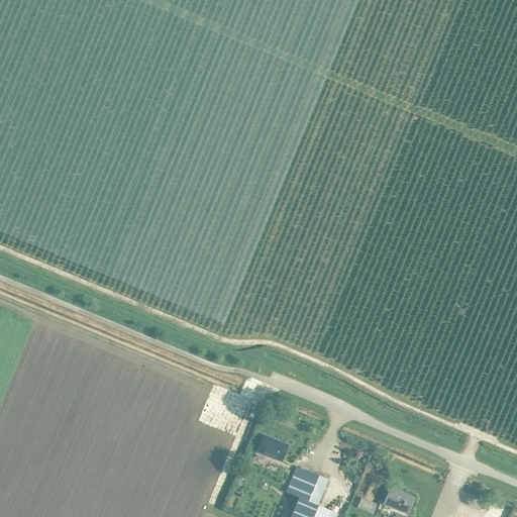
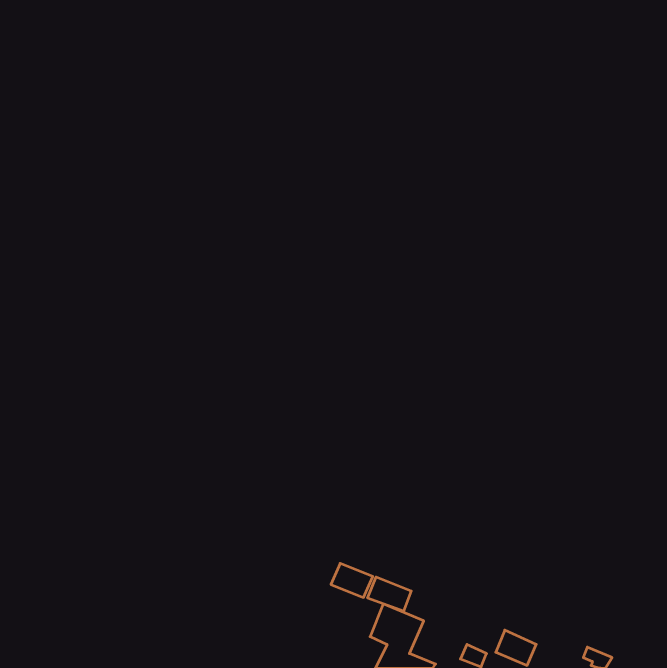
building: none -> [368,577,411,611]

